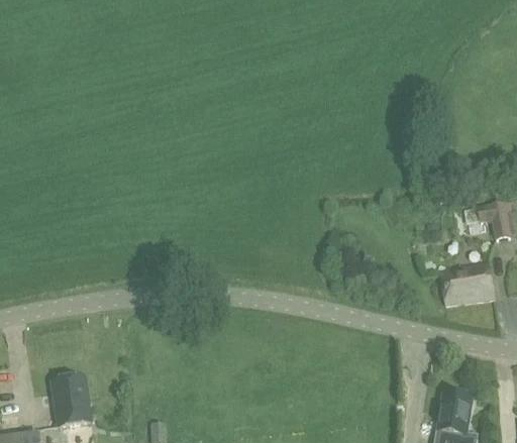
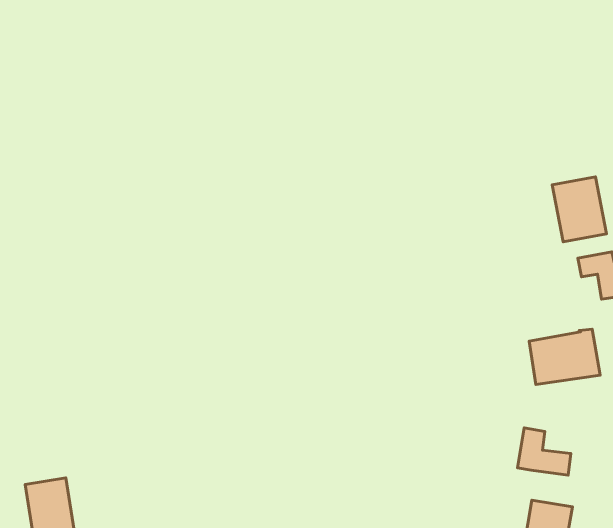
building: none -> [552,177,607,242]
building: none -> [518,428,571,475]

